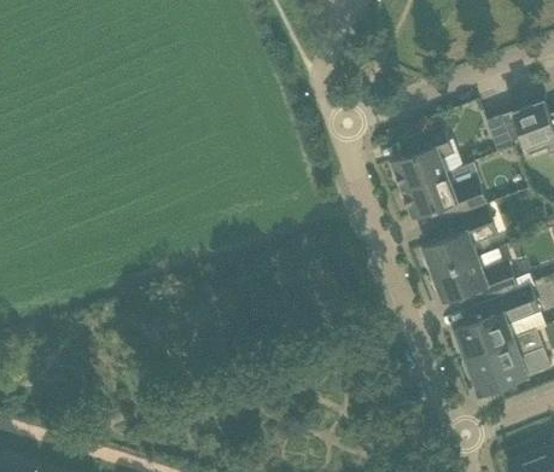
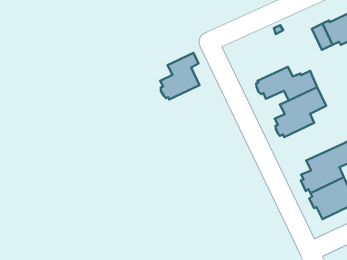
building: [393,126,450,190] -> [160,53,199,99]
building: [433,256,520,309] -> none

